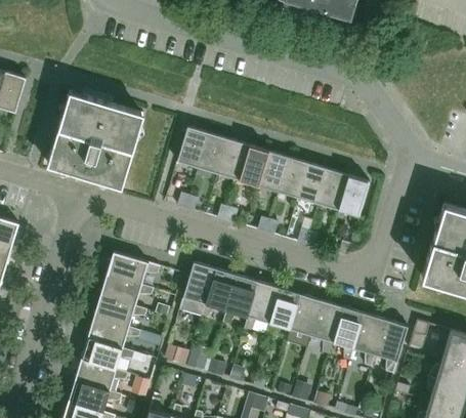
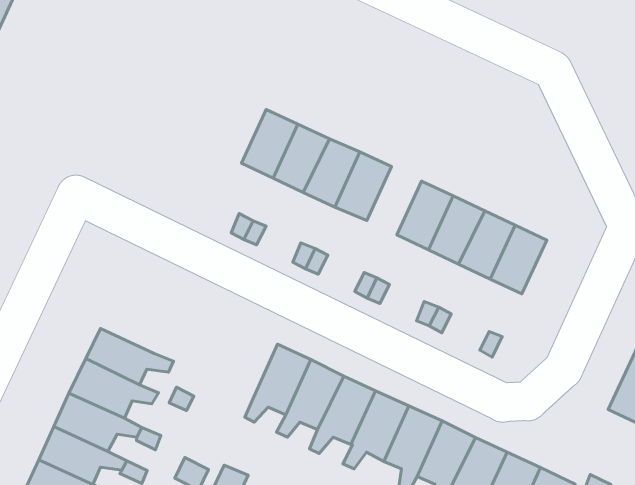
building: [46,91,143,189] -> none
building: [258,151,288,192] -> none
building: [107,252,160,285] -> none
building: [179,262,215,311] -> none

